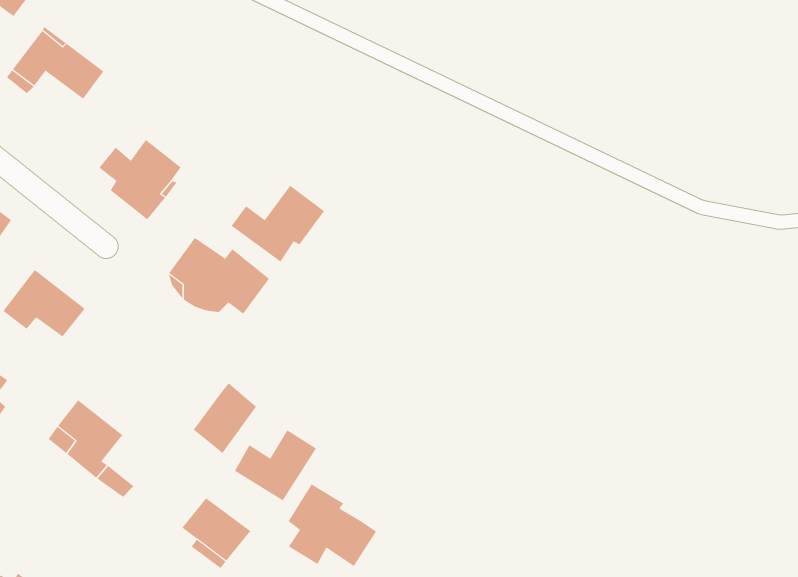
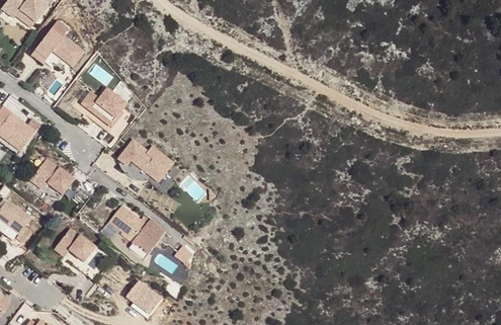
building: [231,185,325,262] -> none
building: none -> [109,205,147,242]
building: [288,483,377,567] -> none

